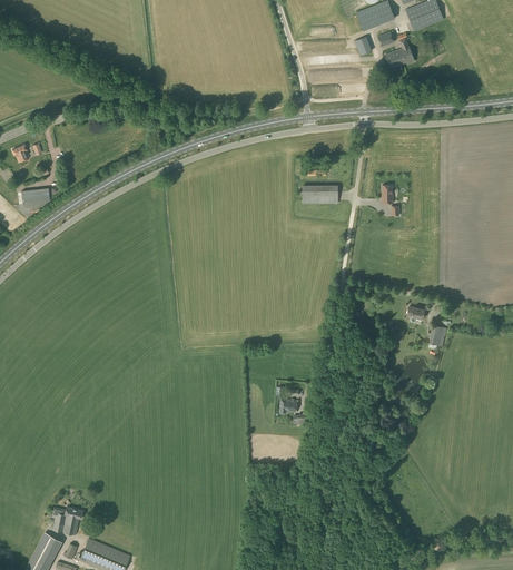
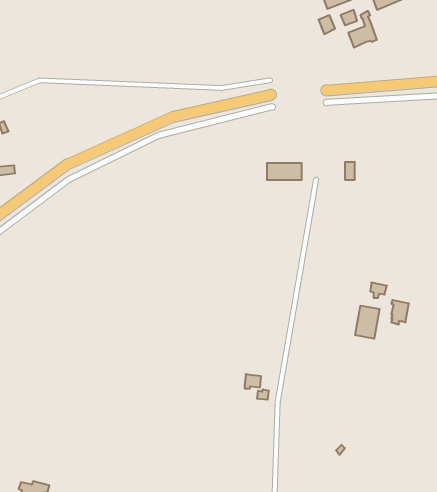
building: none -> [355,306,380,339]

